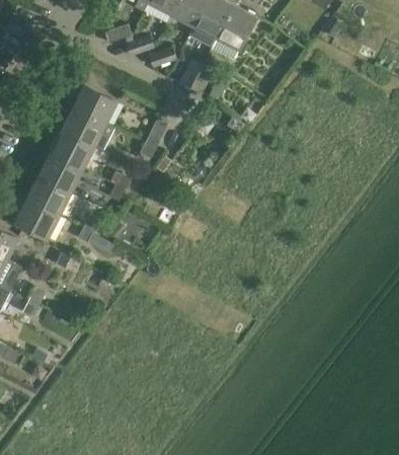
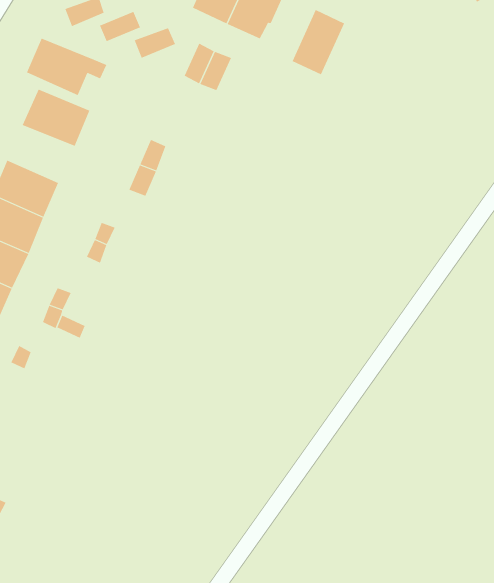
building: none -> [292,9,345,75]
building: [61,106,114,146] -> [26,38,107,96]

